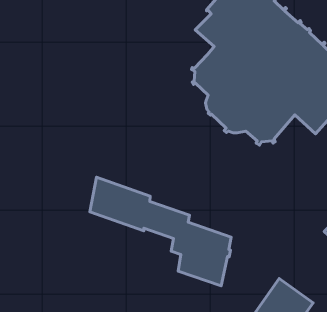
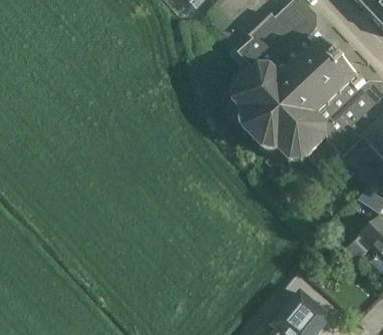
building: [90,177,231,286] -> none

